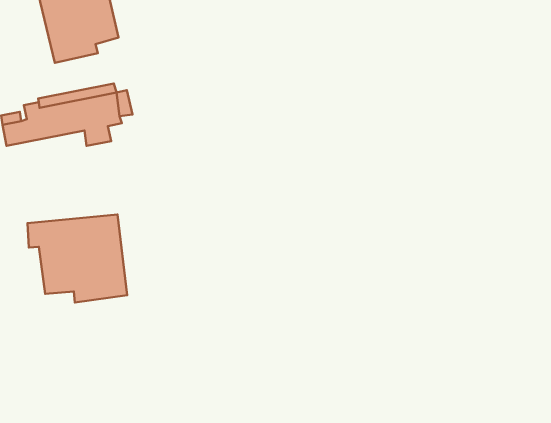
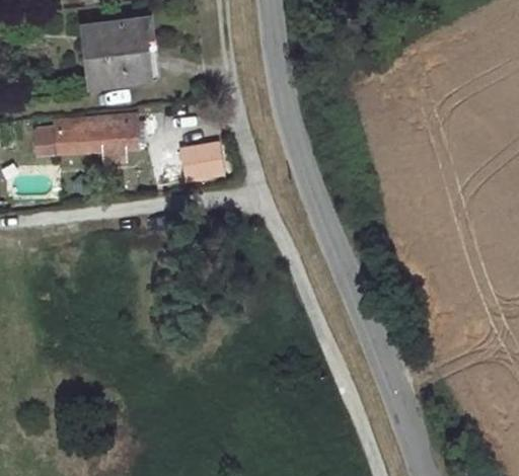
building: none -> [167,144,218,172]
building: [28,214,127,302] -> none

